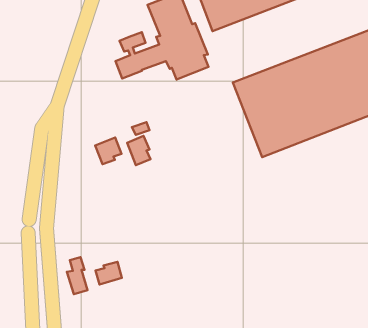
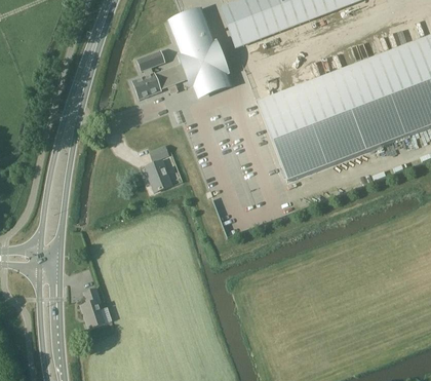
building: [95,137,122,164] -> none
building: [95,262,122,284] -> none

